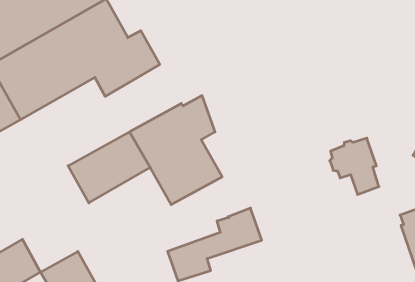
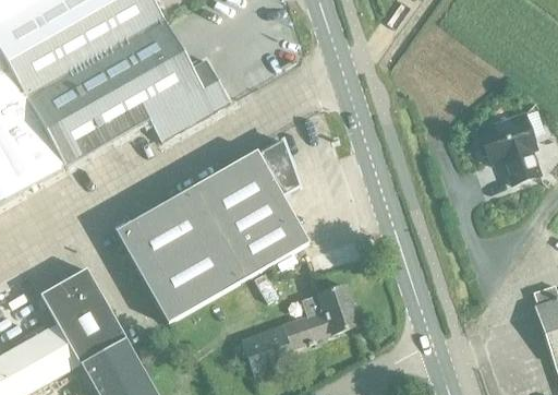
building: [330,138,379,194] -> [477,113,539,184]
building: none -> [141,232,244,323]
building: none -> [40,268,126,364]

